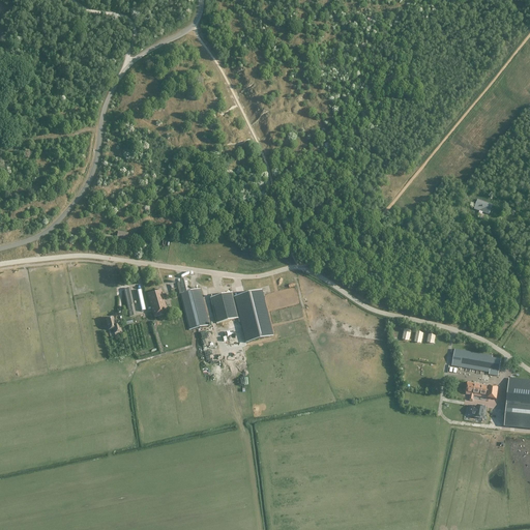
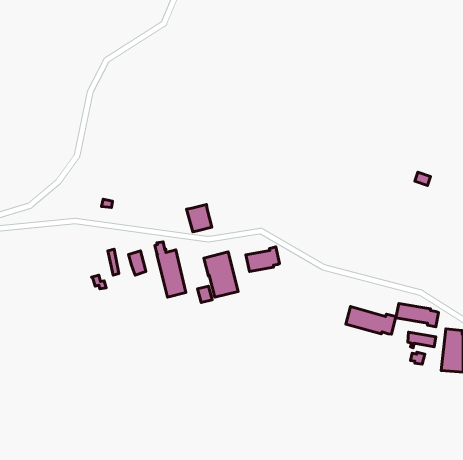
building: none -> [246,247,280,271]
building: [209,290,238,321] -> [186,205,212,232]
building: none -> [346,307,396,334]

